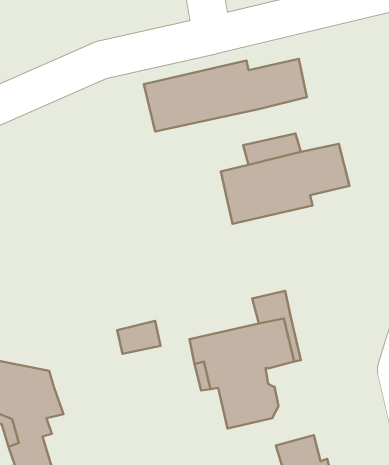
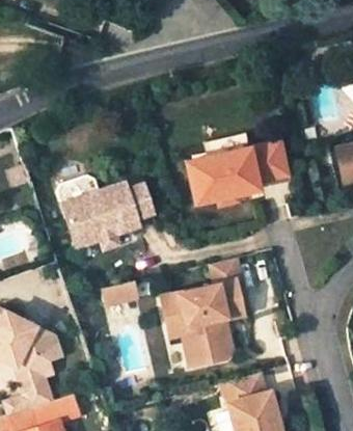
building: [144,59,307,132] -> none
building: none -> [57,178,153,250]

